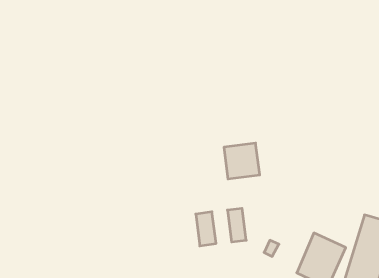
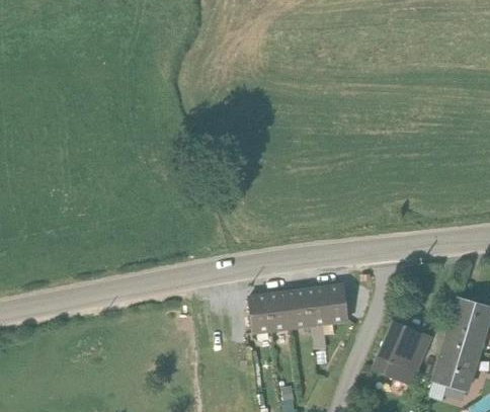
building: [224,143,260,179] -> [304,283,348,328]
building: none -> [266,291,291,332]

